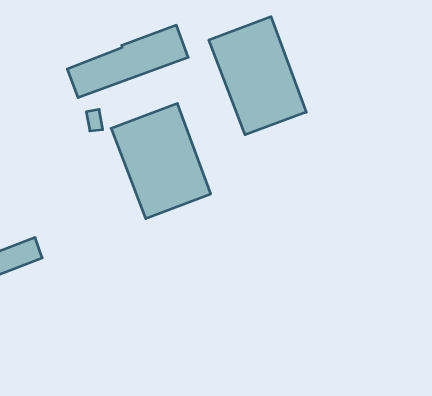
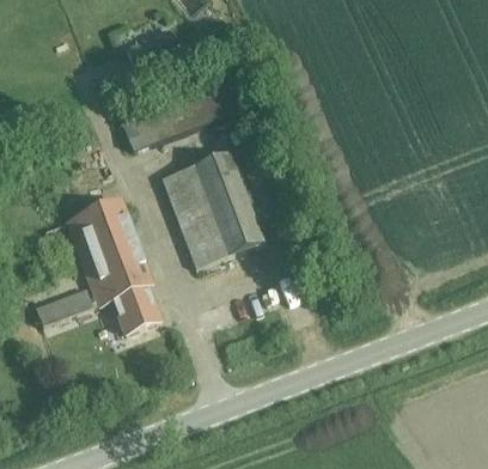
building: [209,17,306,135] -> none
building: none -> [68,202,159,334]

